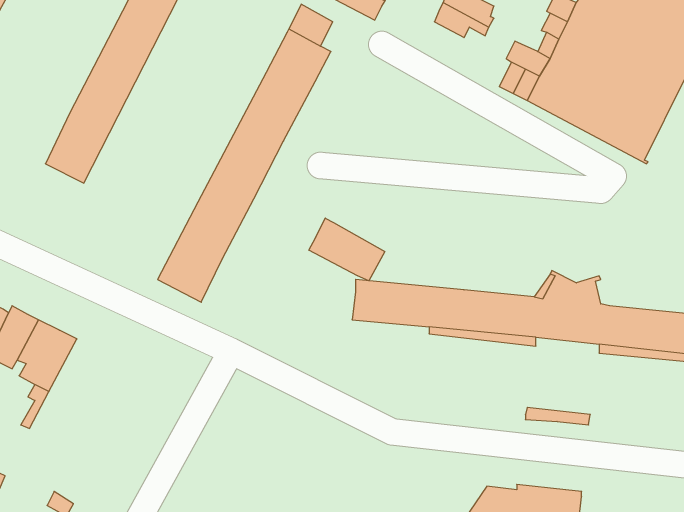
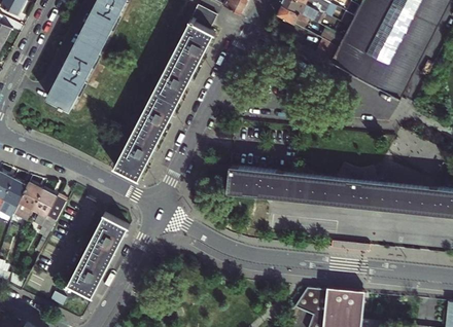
building: [309,218,385,281] -> none
building: none -> [67,213,129,296]

